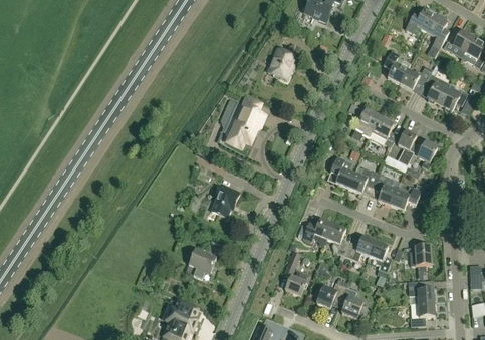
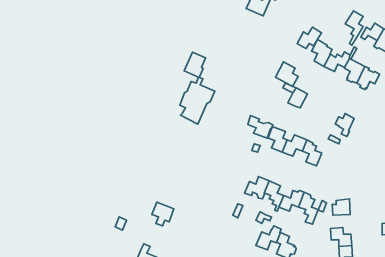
building: [406,8,436,34] -> [297,27,322,48]
building: [268,48,294,79] -> [184,52,206,78]
building: [370,116,398,146] -> [275,62,298,86]
building: [398,129,418,164] -> none
building: none -> [248,115,273,138]
building: [391,185,421,210] -> none
building: [211,187,240,217] -> none
building: [285,269,311,295] -> none

